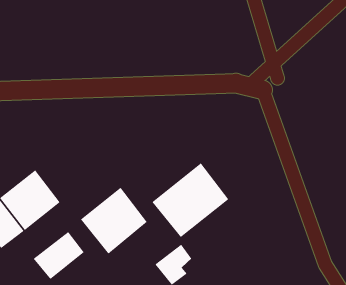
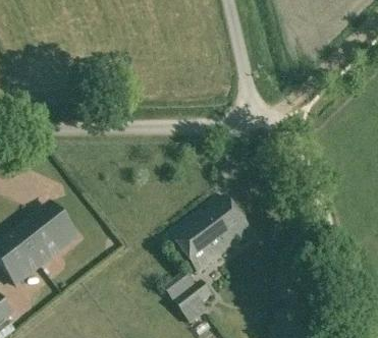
building: [80,187,148,254] -> none
building: [33,231,85,280] -> none

